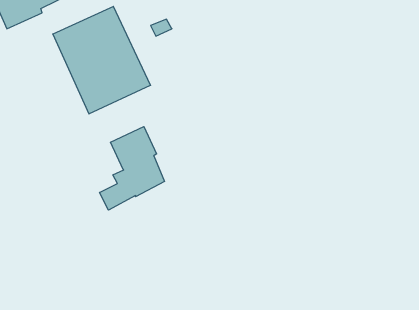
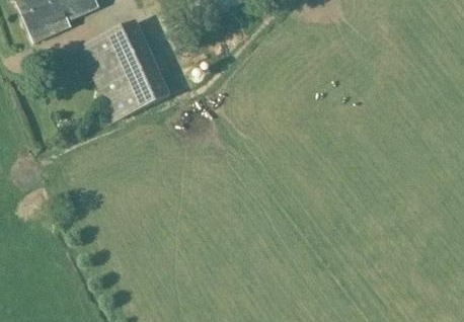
building: [100,127,164,210] -> none

